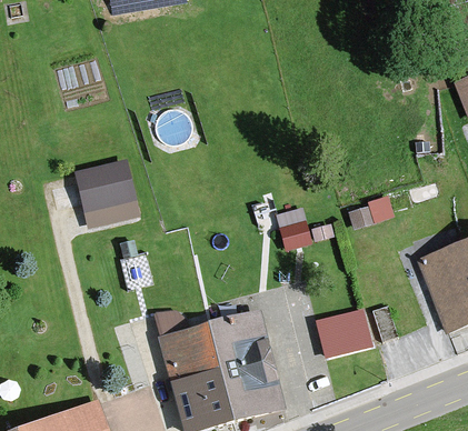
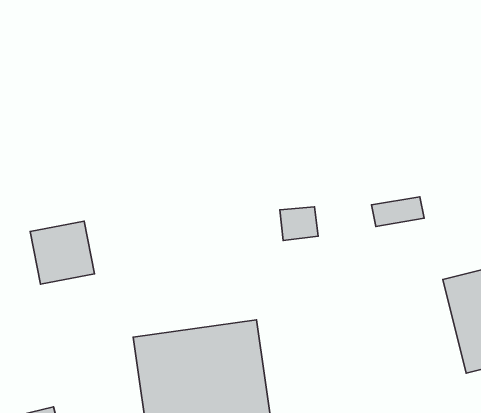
building: [73,159,131,216] -> [30,221,95,284]
building: [319,301,376,351] -> none

